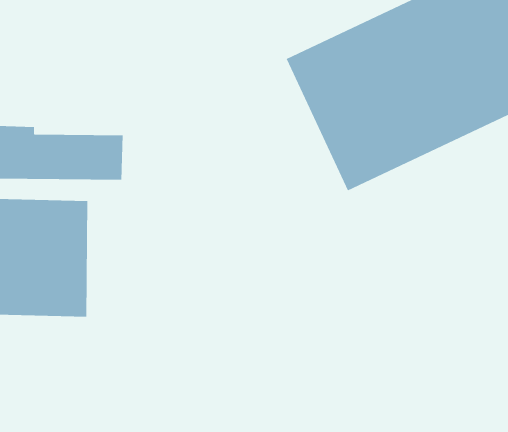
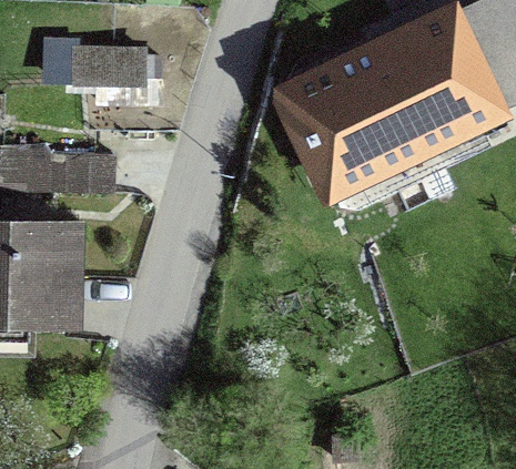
building: none -> [43,40,163,108]

